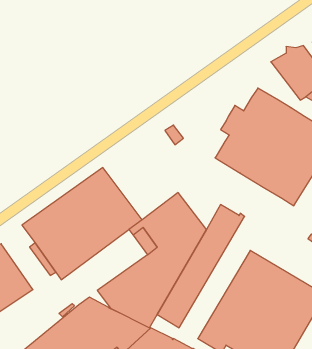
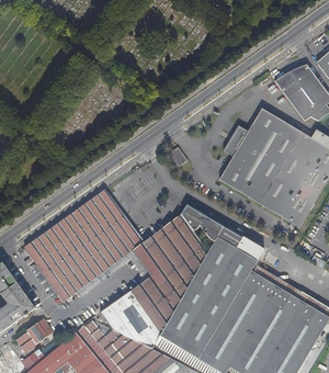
building: none -> [181,208,224,251]
building: none -> [182,238,264,361]
building: none -> [15,319,54,352]

